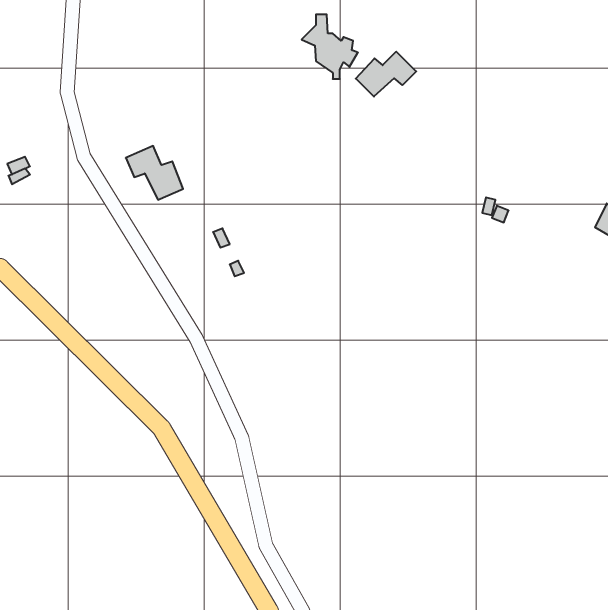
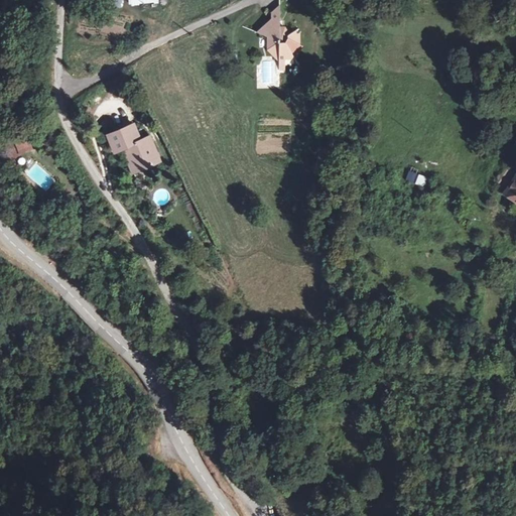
building: [356,52,416,97] -> none

